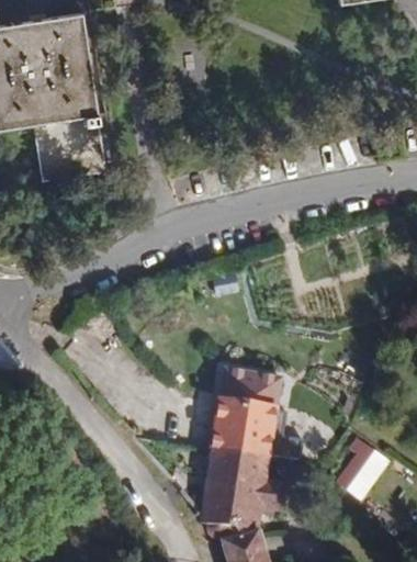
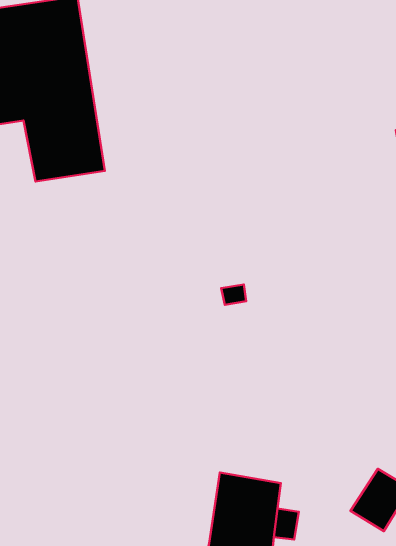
building: [213,367,279,458] -> none

